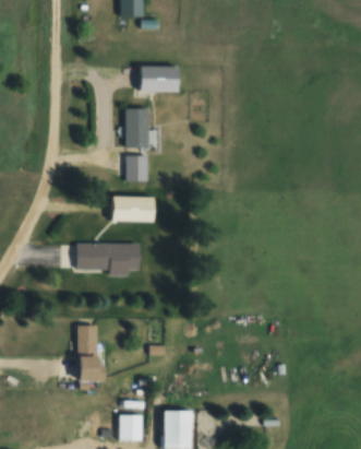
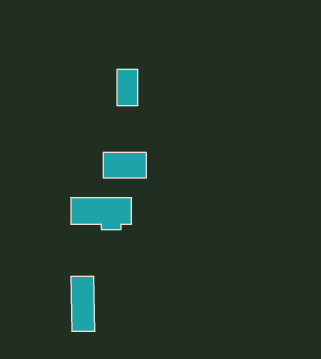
building: [139,67,181,92] -> none
building: [124,155,147,181] -> none

